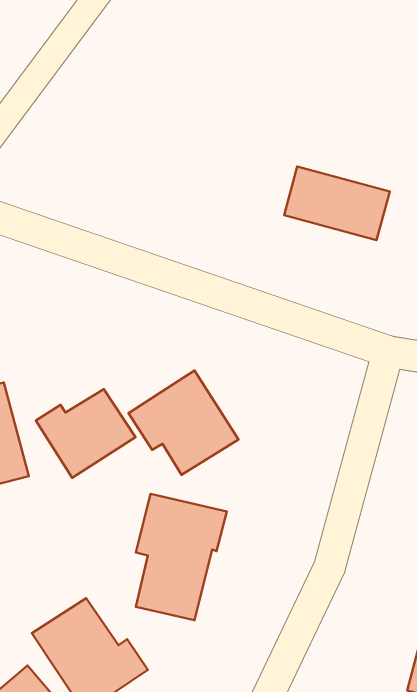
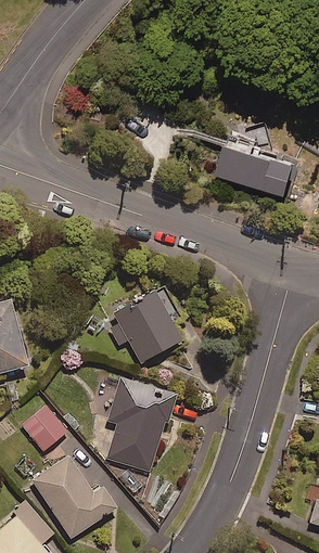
building: [36,389,135,478] -> none
building: none -> [22,408,67,454]

